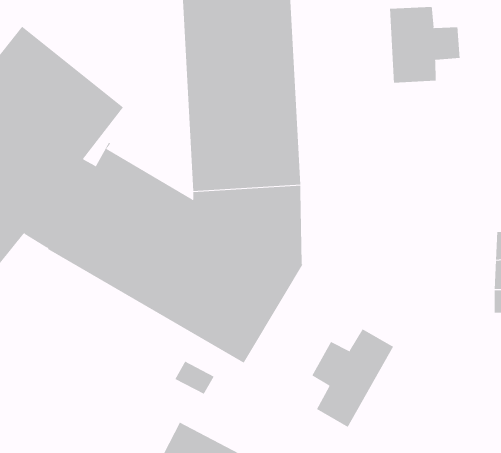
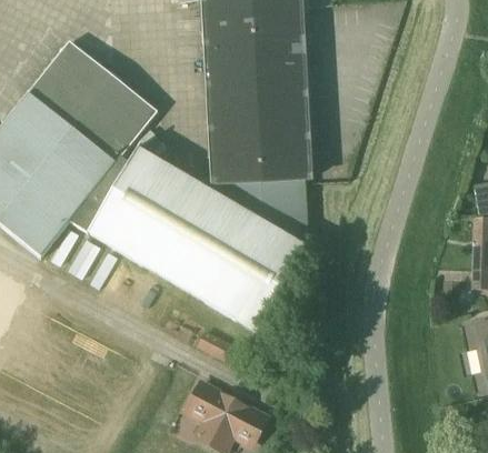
building: [390,6,460,83] -> none
building: [311,328,394,428] -> none

